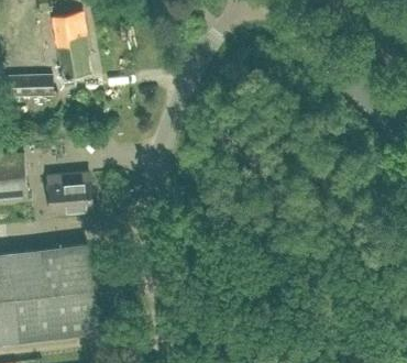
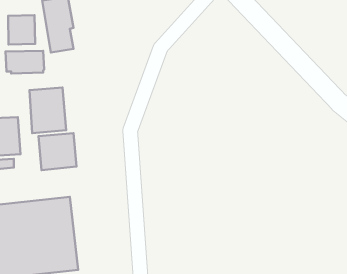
building: none -> [8,15,35,44]
building: none -> [29,88,66,133]

